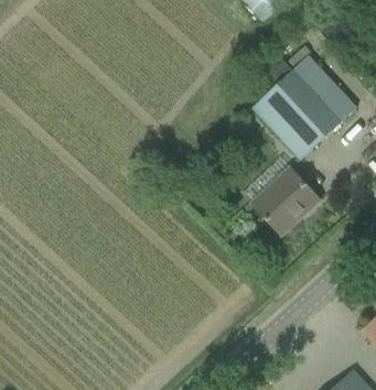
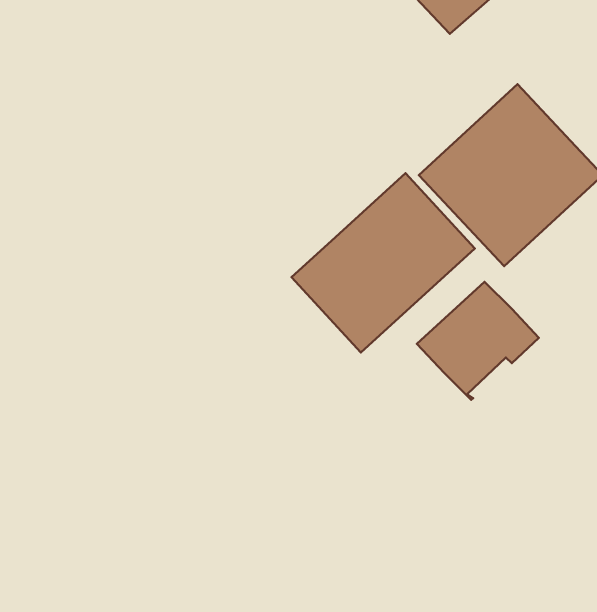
building: none -> [292,173,475,352]

